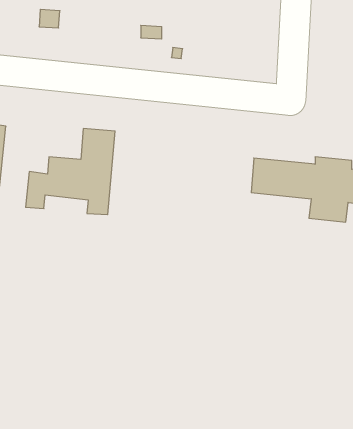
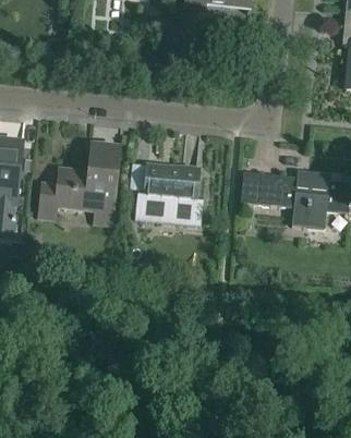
building: none -> [134,162,203,223]

